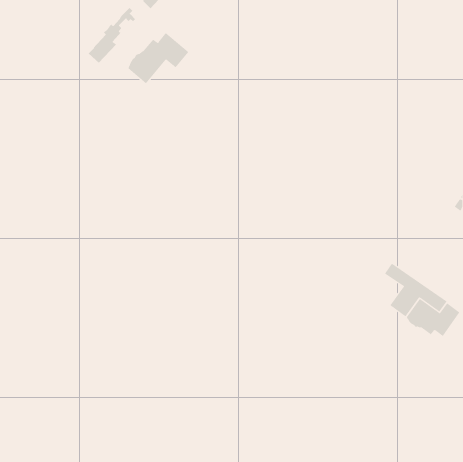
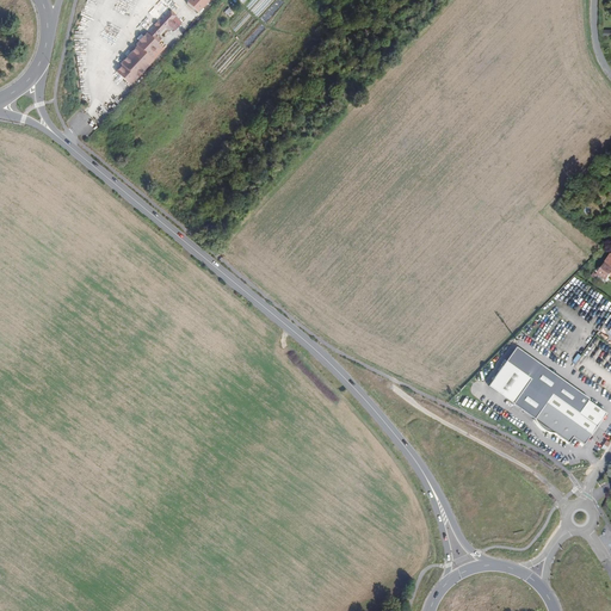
building: [128,32,189,84] -> none
building: none -> [488,360,531,402]

